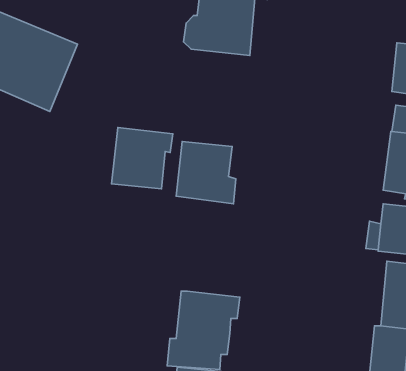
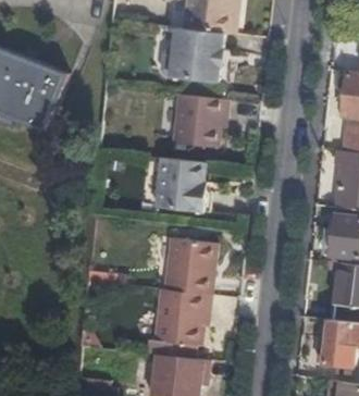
building: [112,128,173,189] -> [174,95,227,148]
building: none -> [165,238,215,294]

